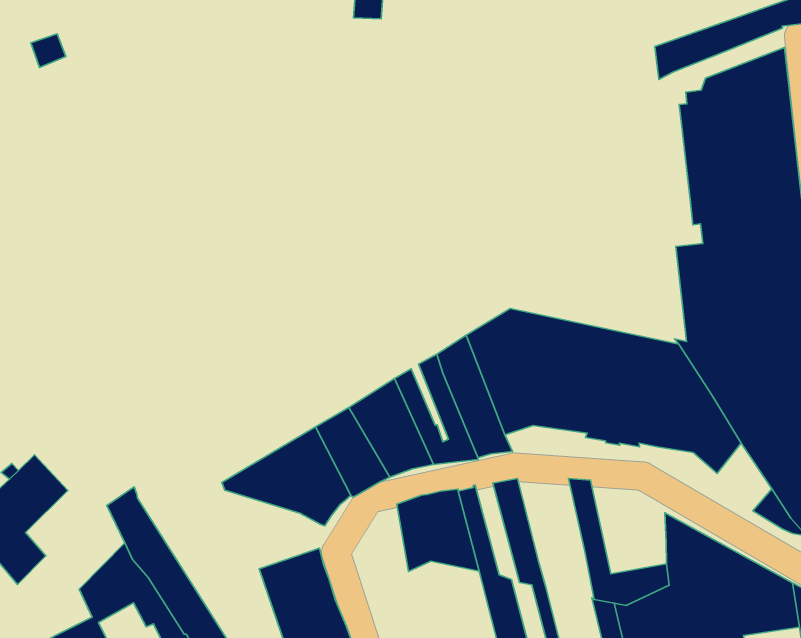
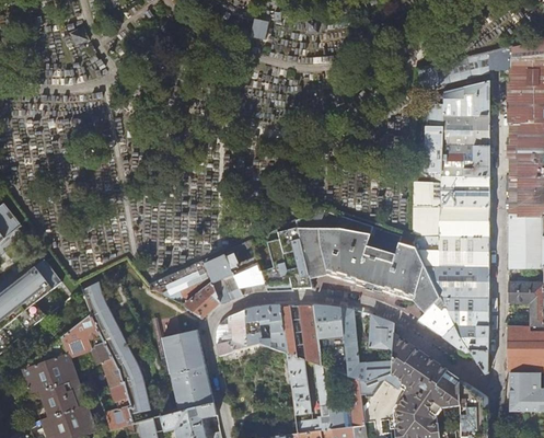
building: none -> [418,299,454,337]
building: none -> [313,304,346,353]
building: none -> [369,314,393,349]
building: none -> [216,311,246,357]

